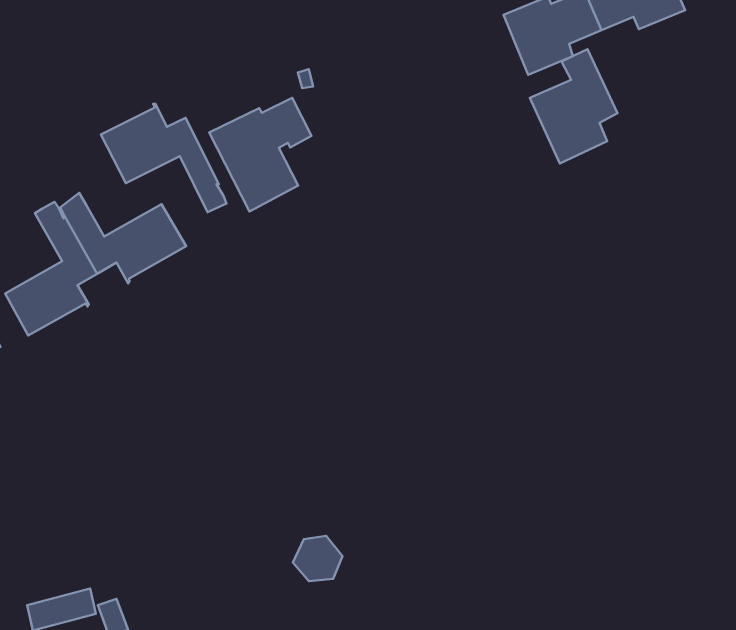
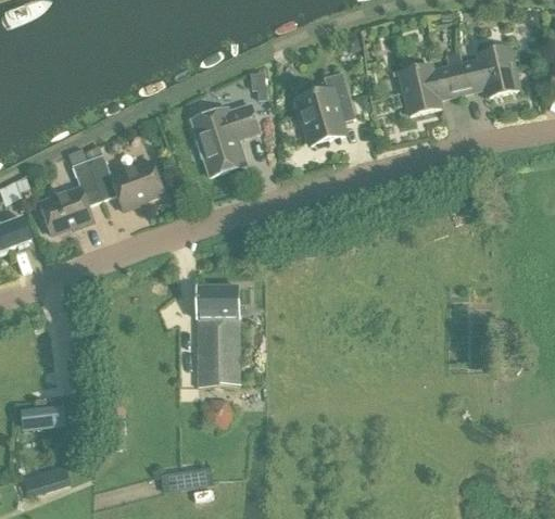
building: [530,49,618,164] -> [298,72,354,144]
building: [101,104,226,212] -> none
building: none -> [197,286,238,385]

